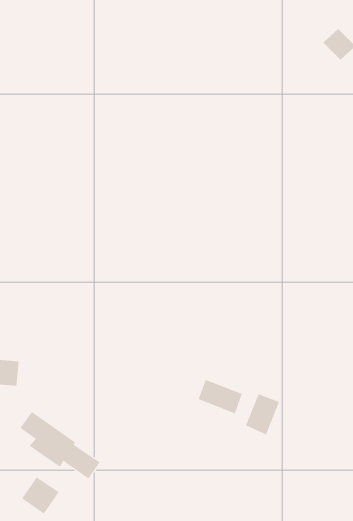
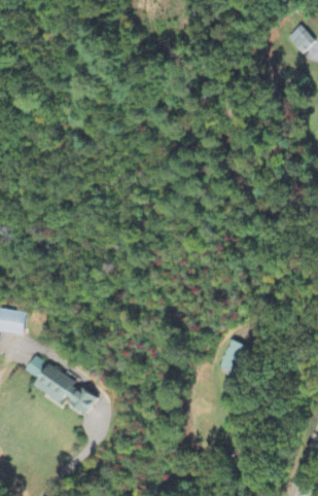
building: [198,379,243,414] -> none
building: [22,476,60,514] -> none

